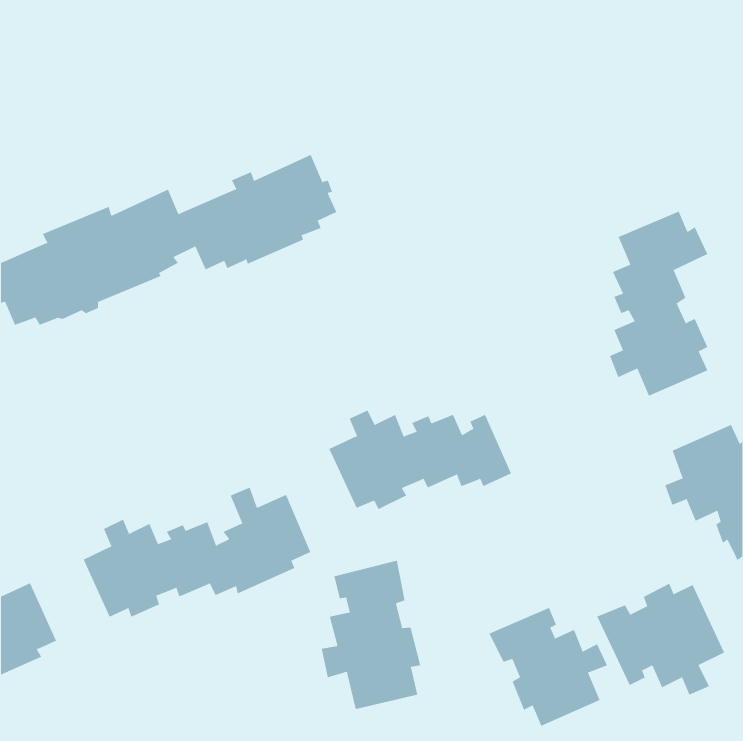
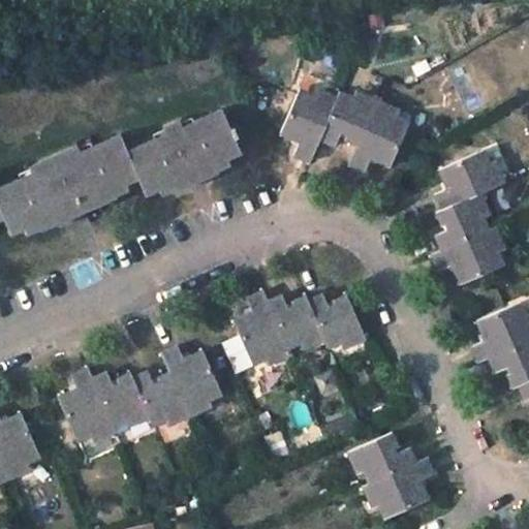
building: none -> [281,90,408,169]
building: [321,560,421,710] -> none
building: [597,583,725,695] -> none

